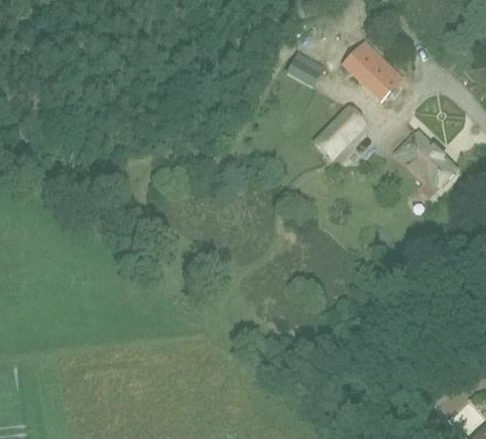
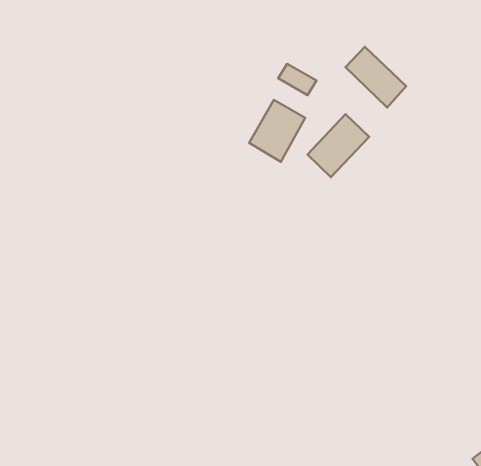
building: none -> [249,100,305,162]
building: [398,131,459,196] -> none

